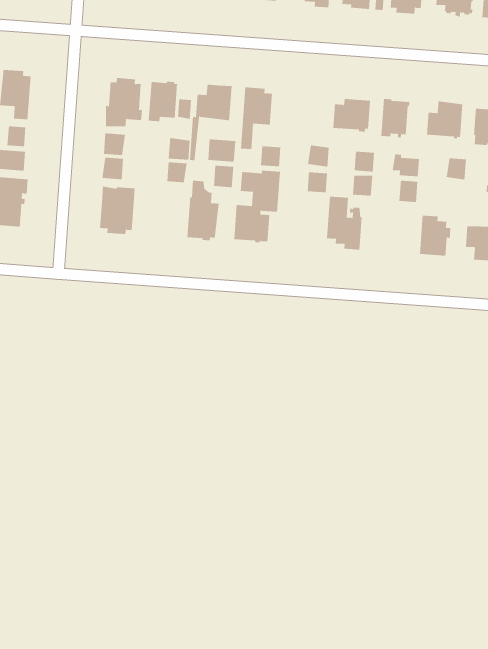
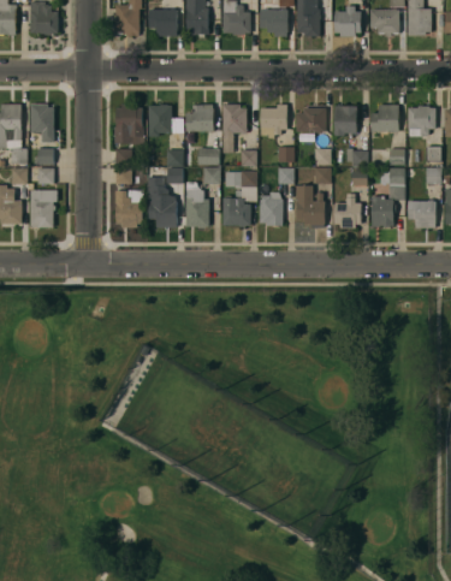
building: none -> [261,103,287,137]
building: none -> [149,177,177,226]
building: none -> [381,167,404,198]
building: none -> [261,195,284,226]
building: none -> [334,192,361,227]

